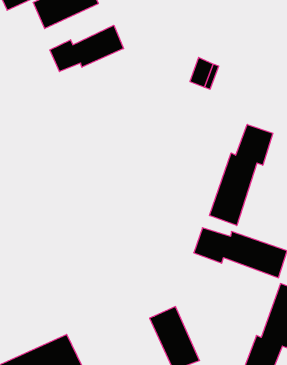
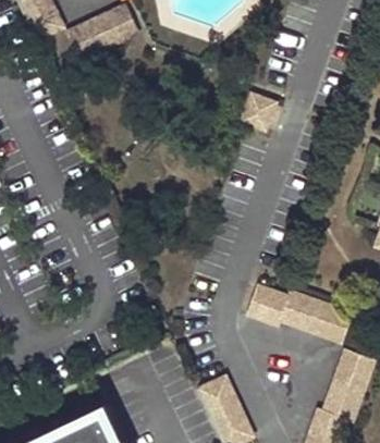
building: [50,25,124,72] -> none
building: [210,124,273,226] -> none

